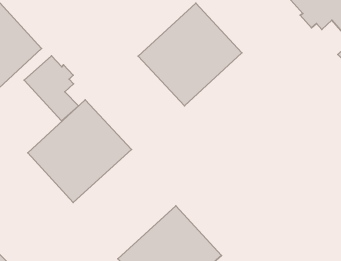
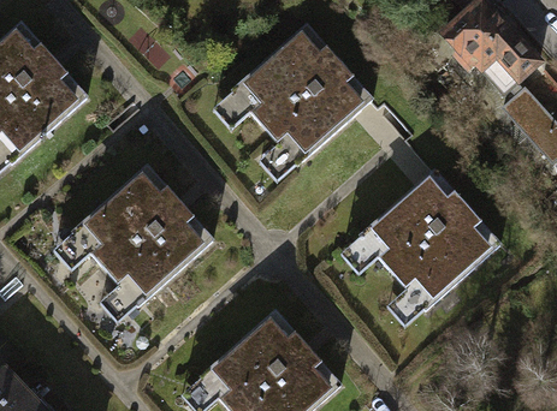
building: [24,56,78,121] -> none
building: none -> [356,174,500,318]

